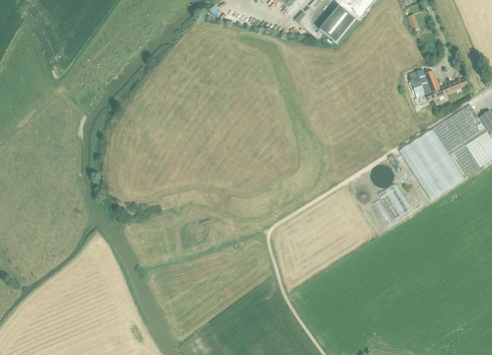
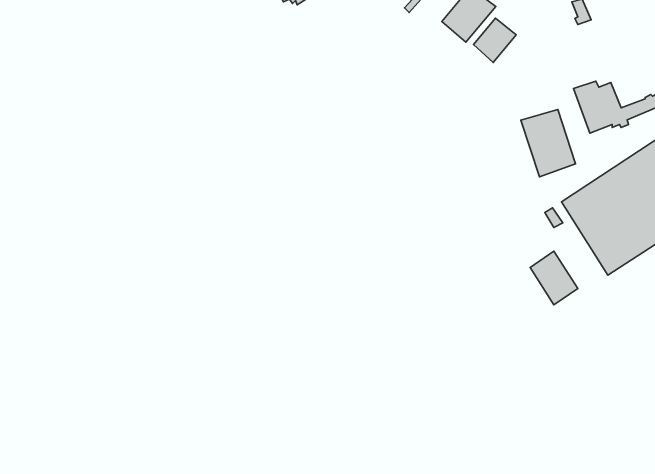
building: none -> [473,18,516,62]
building: none -> [521,110,576,177]

